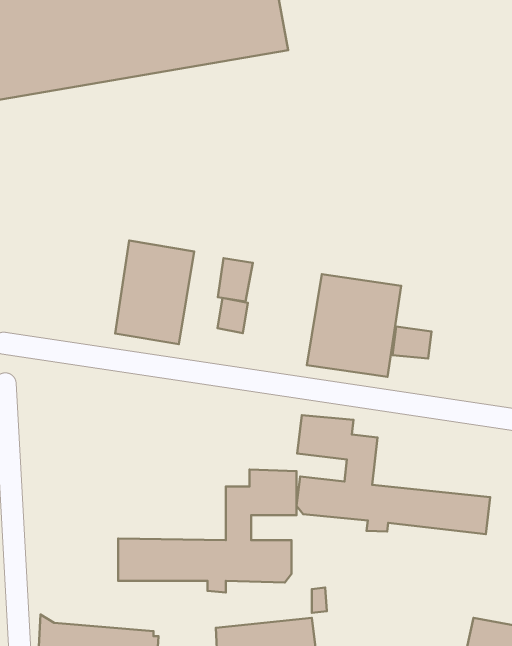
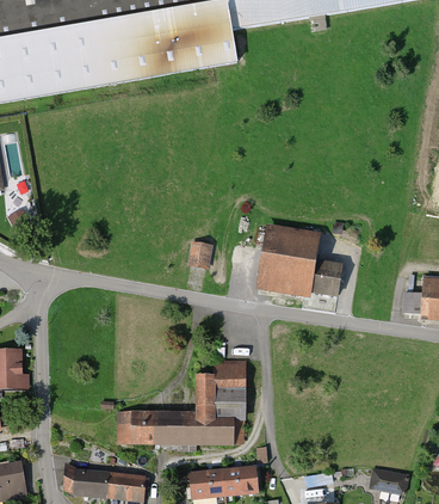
building: [115,241,194,344] -> none
building: [218,258,253,301] -> none
building: [297,415,490,534] -> none

